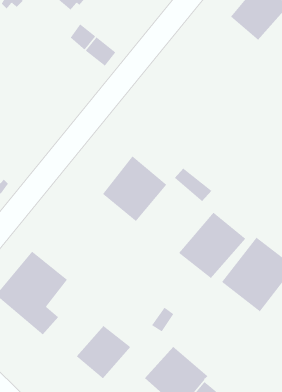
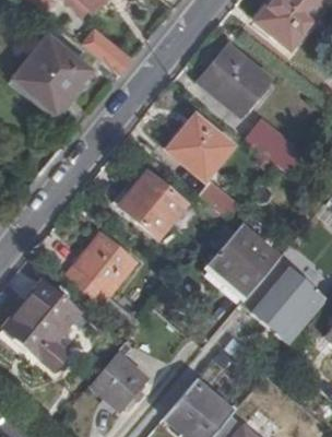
building: none -> [12,34,91,111]
building: none -> [201,44,272,114]
building: none -> [169,118,232,180]
building: none -> [244,120,303,175]
building: none -> [66,234,135,306]

